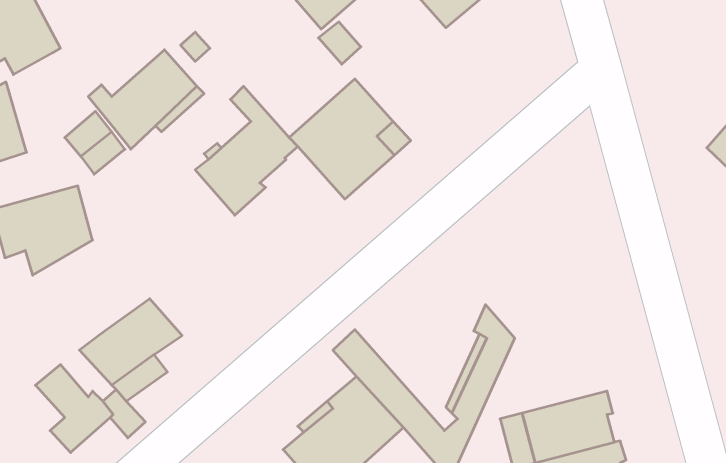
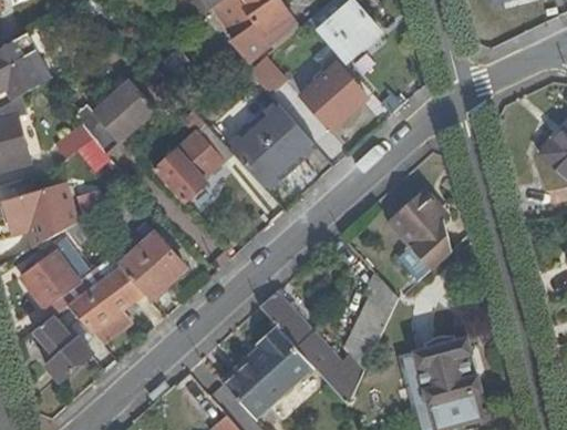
building: none -> [301,62,369,130]
building: none -> [384,186,451,268]
building: none -> [118,232,186,300]
building: none -> [22,252,85,316]

